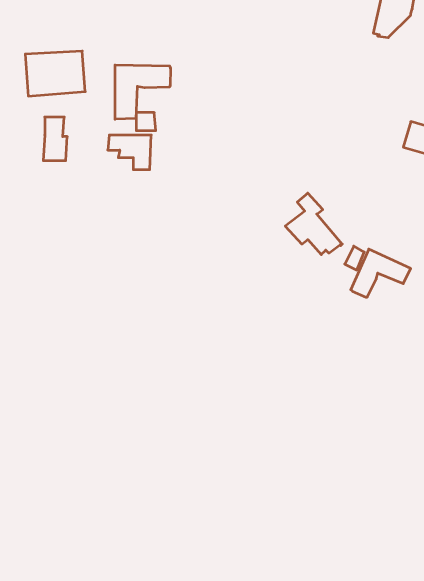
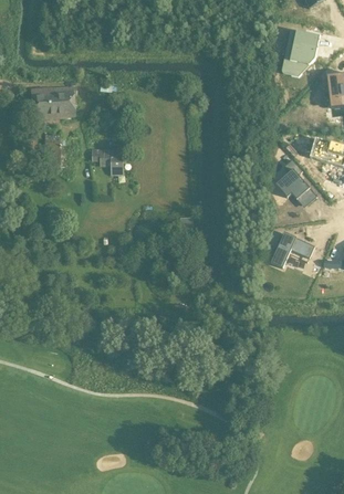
building: [115,65,170,119] -> none
building: [285,193,342,255] -> [273,159,315,204]

